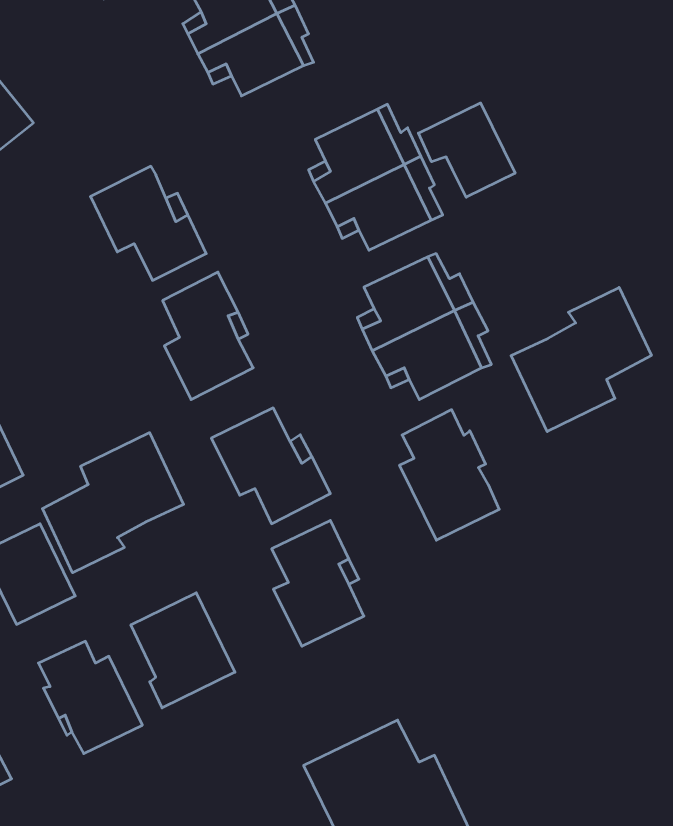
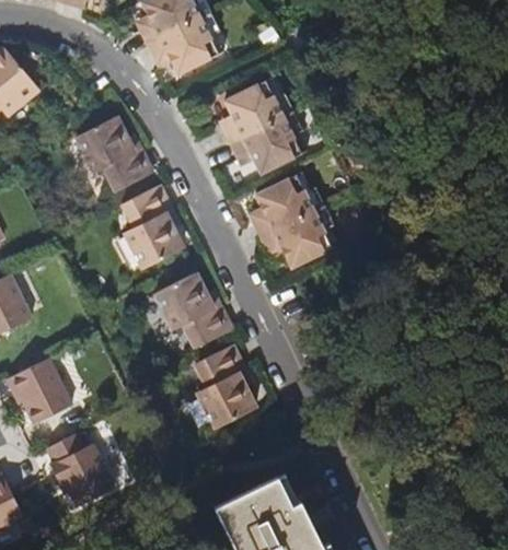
building: [418,103,515,197] -> none
building: [511,287,651,432] -> none
building: [400,410,499,540] -> none
building: [42,433,184,573] -> none
building: [131,593,235,708] -> none

